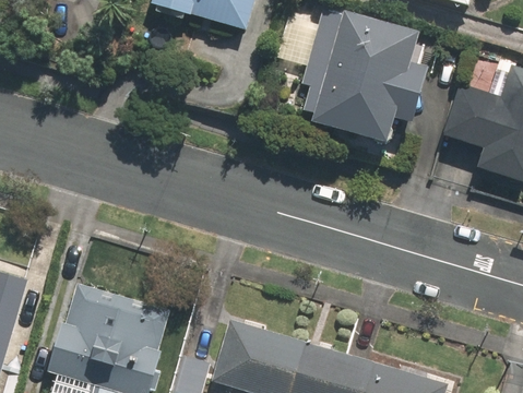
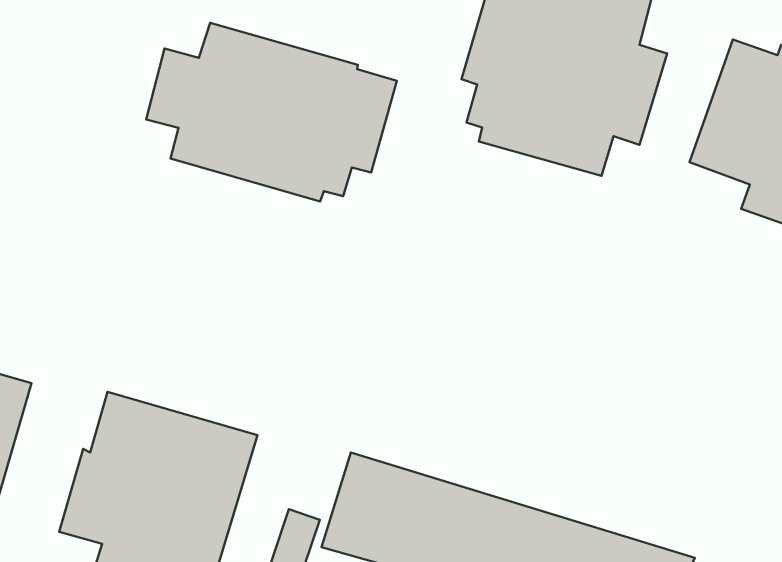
building: none -> [146,23,397,202]

